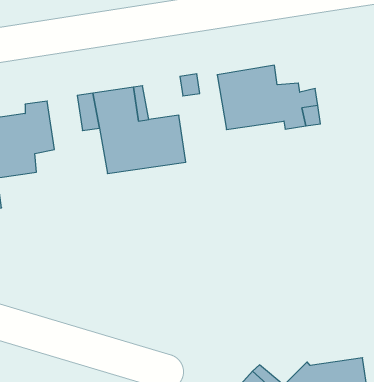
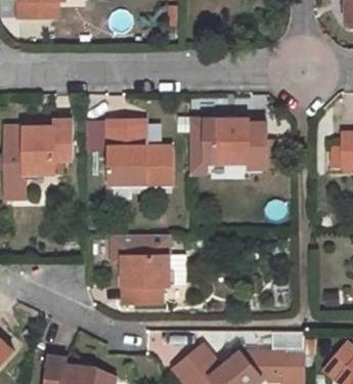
building: none -> [112,233,185,303]

